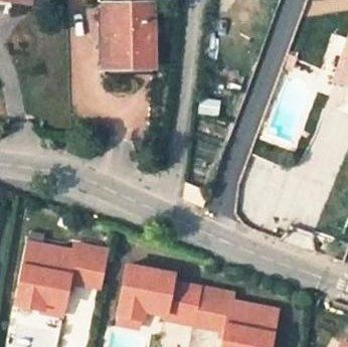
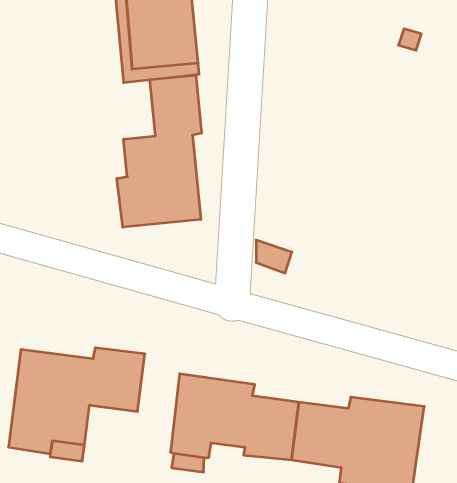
building: none -> [117,75,201,227]

